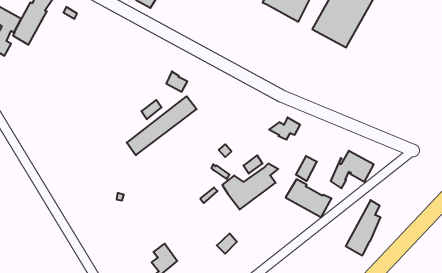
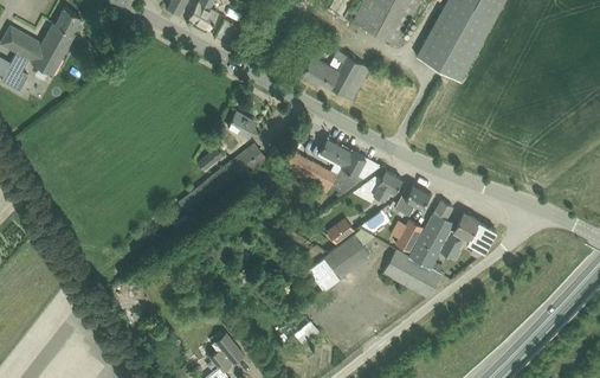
building: none -> [303,51,369,100]
building: none -> [279,139,380,194]
building: none -> [394,185,430,217]
building: [346,200,381,255] -> [408,200,453,271]

